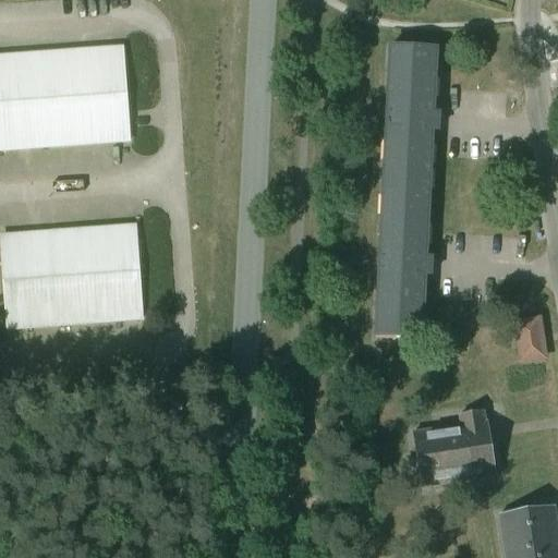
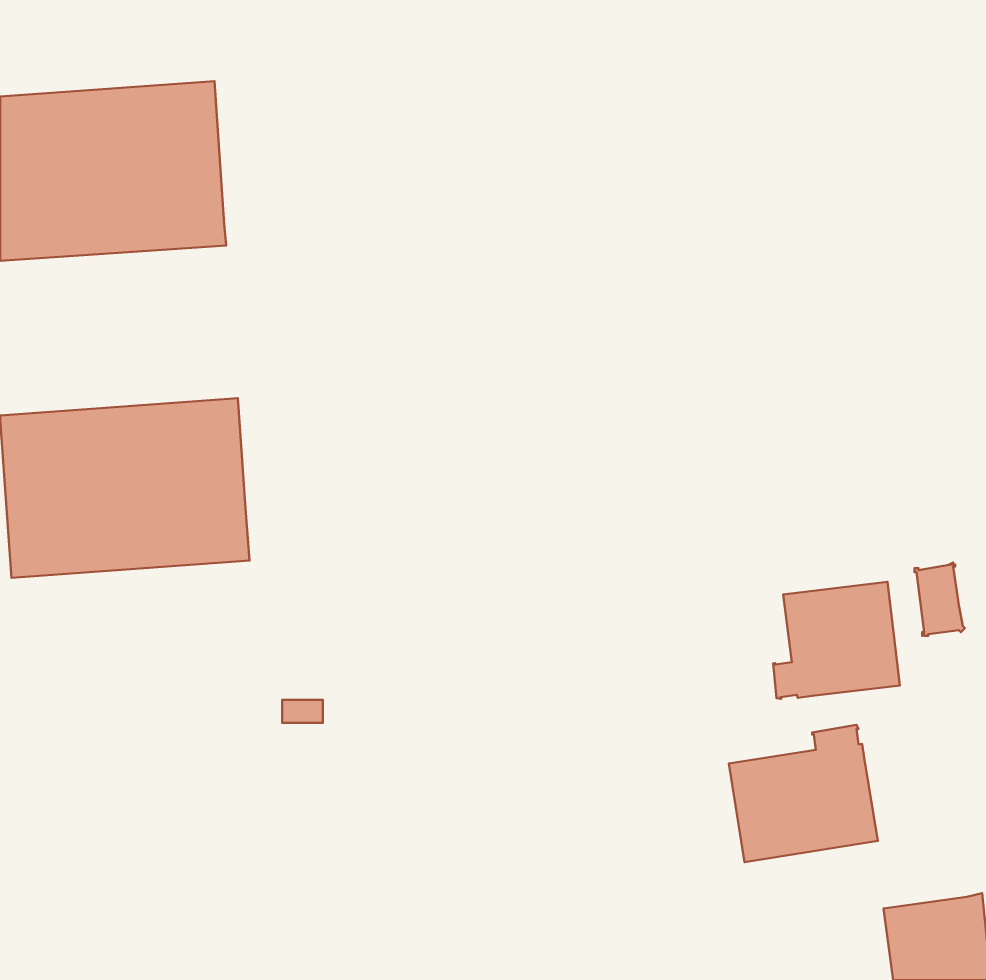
building: [376,44,439,338] -> none
building: none -> [773,582,900,699]

